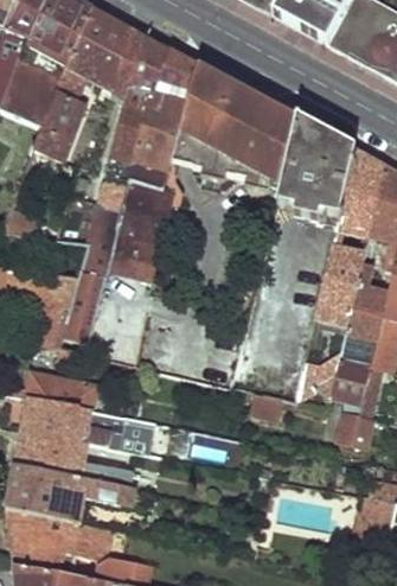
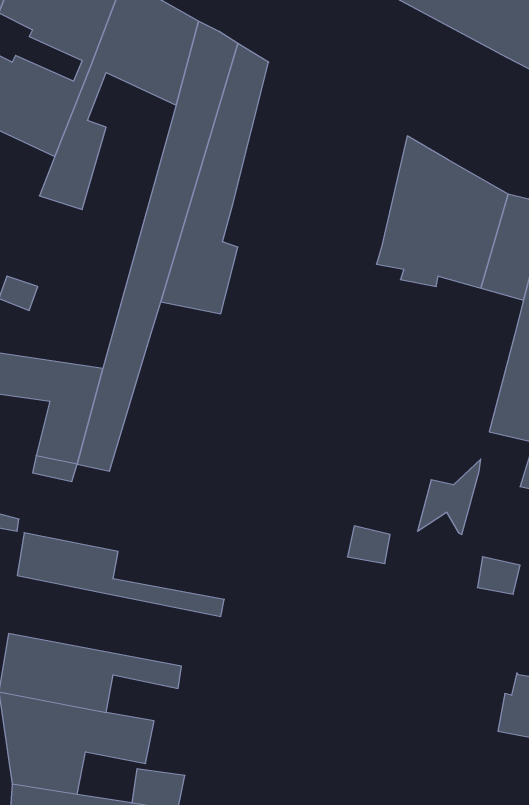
building: [169,65,290,193] -> none
building: [110,231,161,270] -> none
building: [318,248,365,321] -> none
building: [329,349,370,399] -> none
building: [25,369,94,405] -> none
building: [14,421,137,484] -> none

